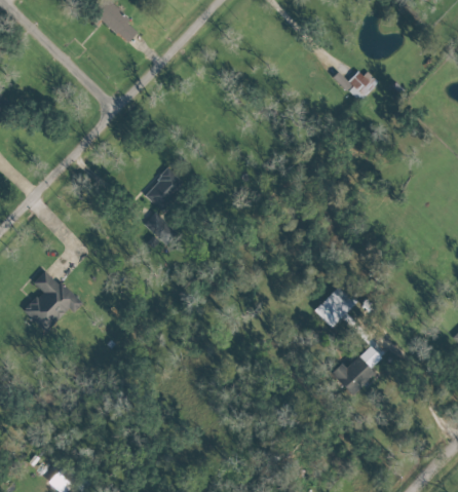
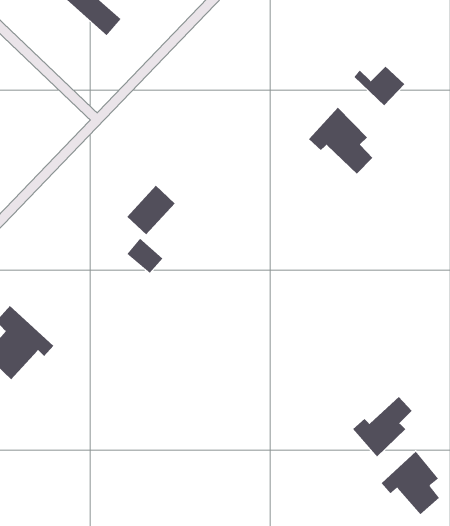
building: none -> [308,107,373,175]
building: [314,286,356,327] -> none
building: none -> [381,451,440,515]

